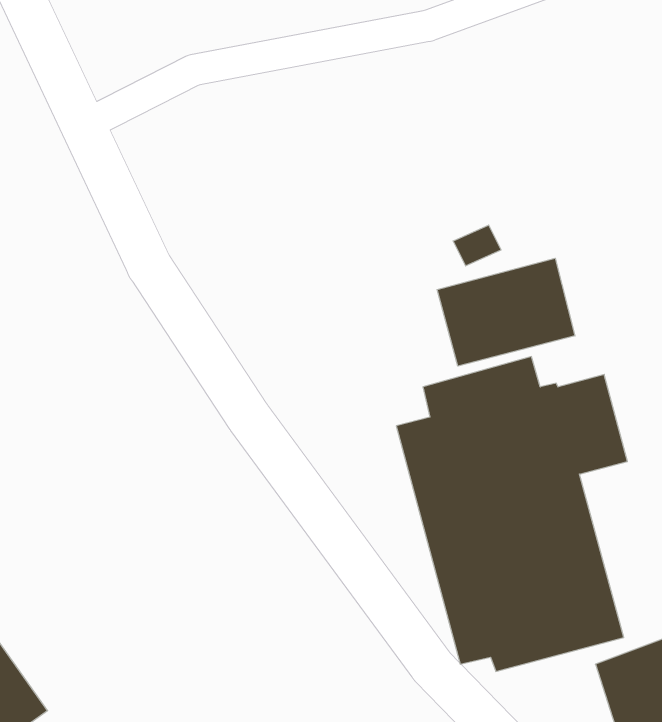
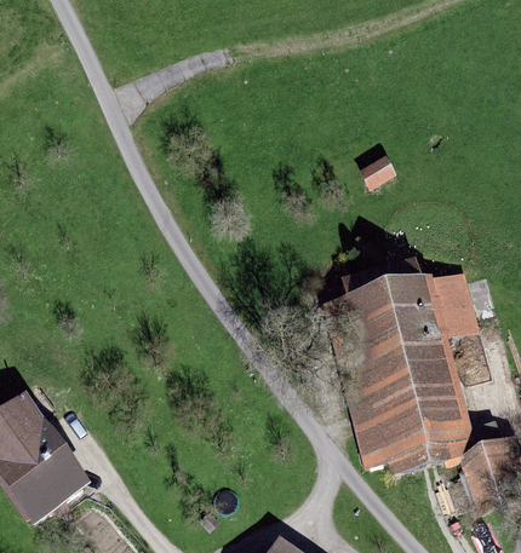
building: [437,258,575,366] -> none

